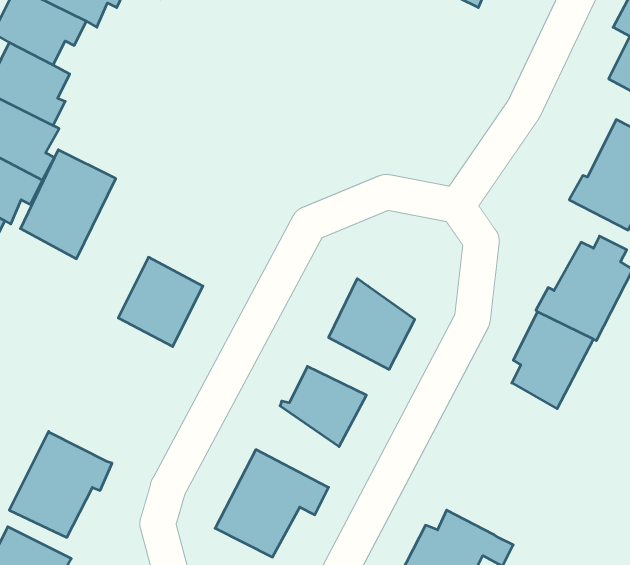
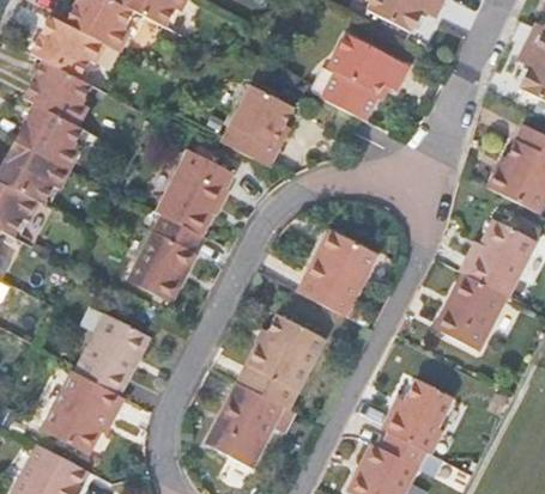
building: none -> [325,35,411,122]
building: none -> [220,84,291,167]
building: [20,150,116,259] -> [158,151,234,237]
building: none -> [319,233,377,279]
building: none -> [75,310,150,391]
building: none -> [238,347,304,408]
building: none -> [383,377,453,451]

